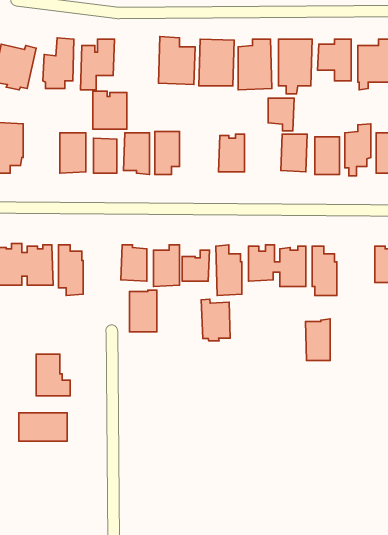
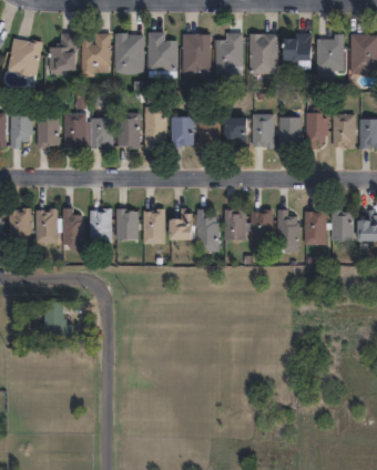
building: [93,91,127,129] -> [115,33,144,65]
building: [268,98,294,131] -> [223,116,245,144]
building: none -> [37,116,59,149]
building: none -> [171,116,193,145]
building: [130,290,157,332] -> [89,208,112,244]
building: [201,299,230,341] -> none
building: [305,319,330,361] -> [304,210,325,245]
building: [19,413,67,441] -> none

